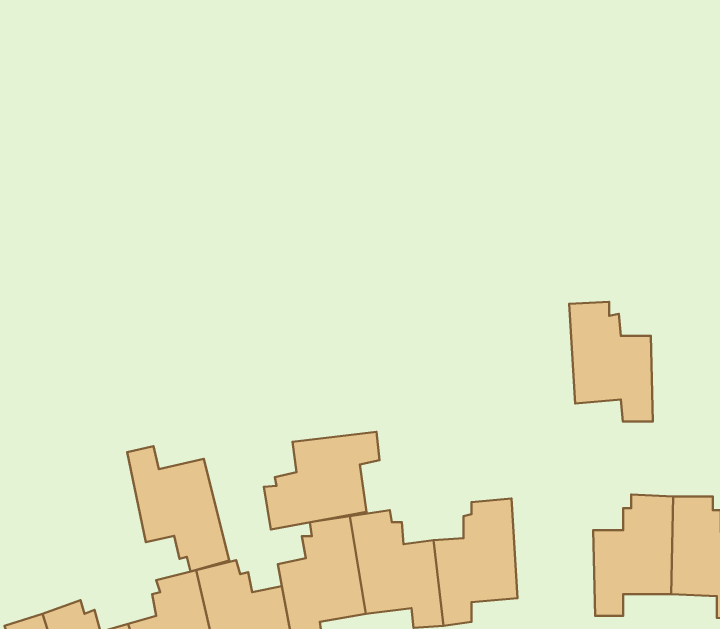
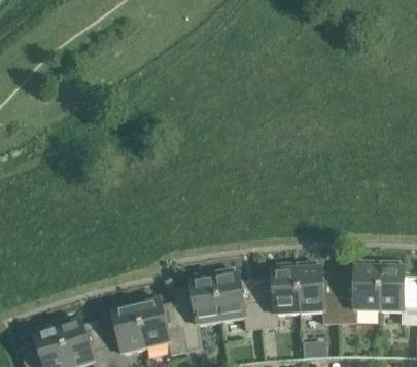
building: [569,302,653,421] -> [297,262,340,324]
building: [264,432,380,529] -> none
building: [127,446,229,572] -> none

